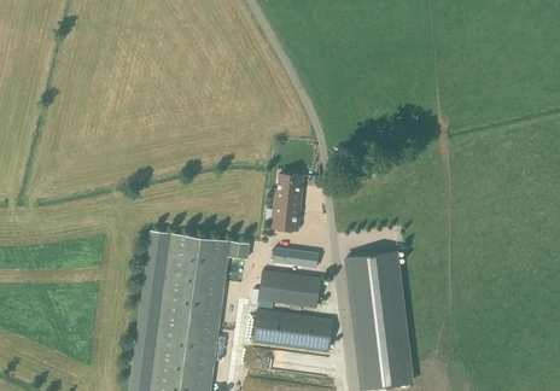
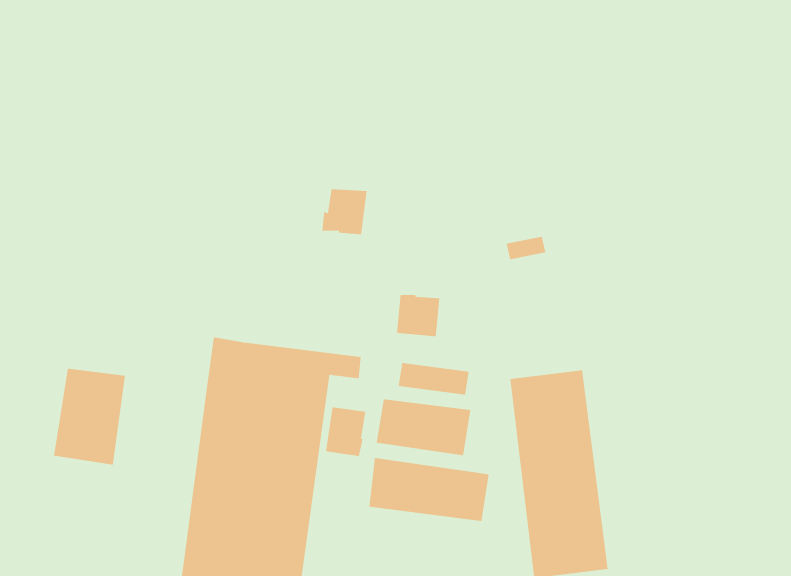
building: [274,175,304,205] -> [322,189,367,235]
building: none -> [54,368,126,466]
building: none -> [325,406,366,457]

